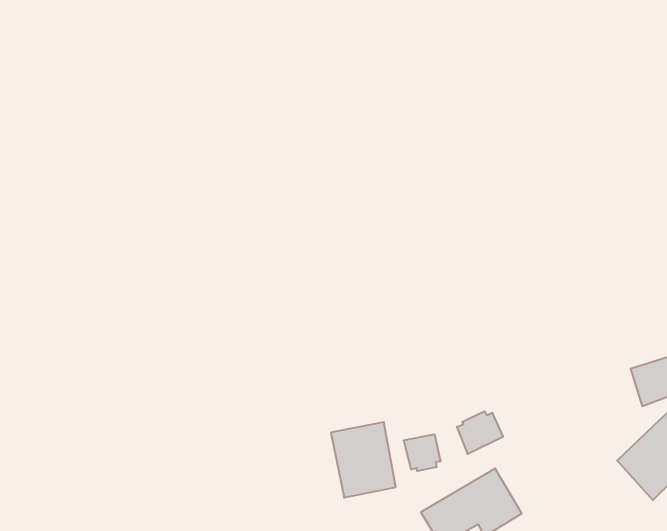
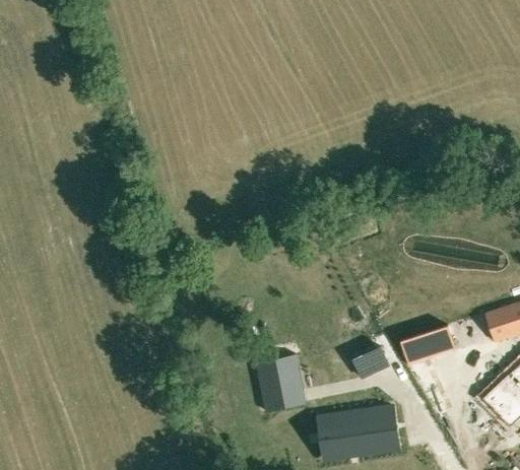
building: none -> [401,326,455,366]
building: [404,434,441,471] -> none

